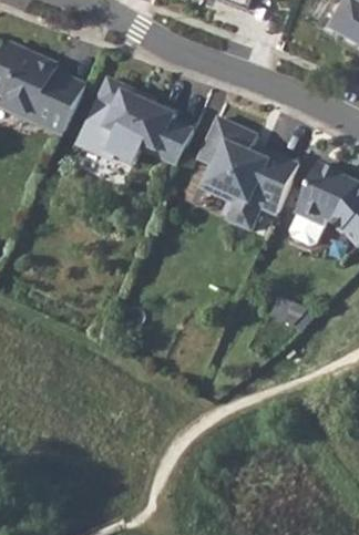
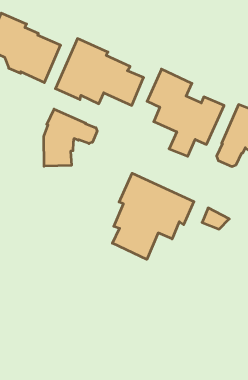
building: none -> [44,109,97,166]
building: none -> [112,173,194,259]

